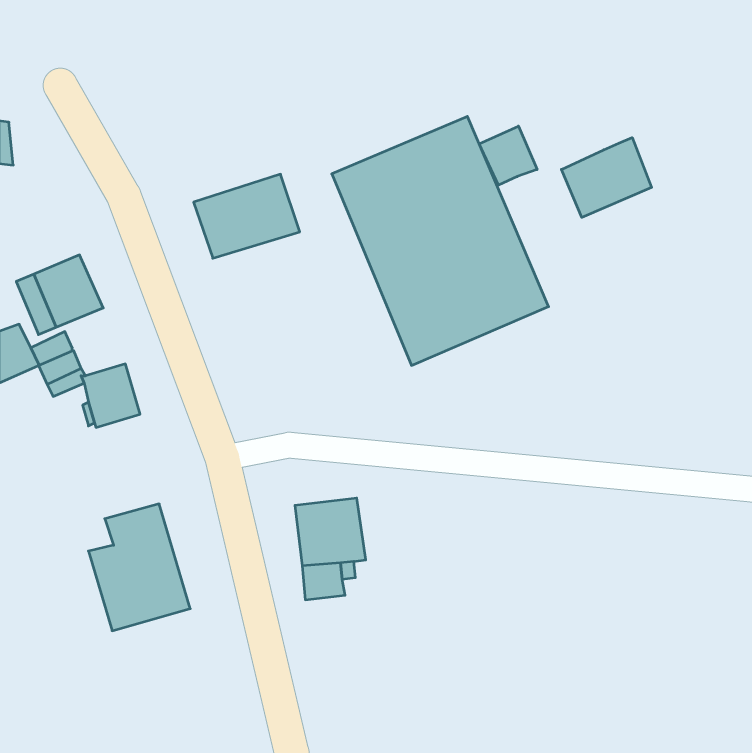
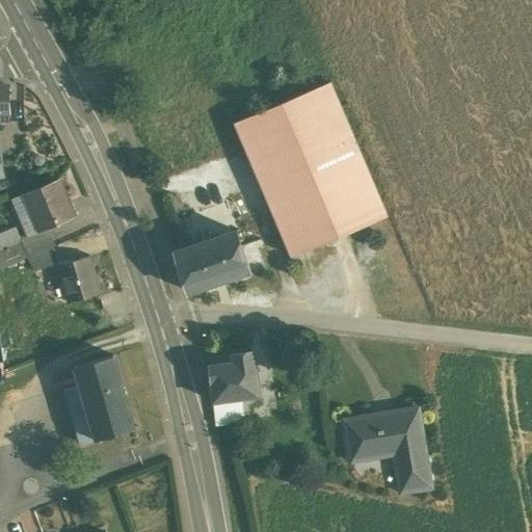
building: [479,126,537,185] -> none
building: [561,138,652,217] -> none
building: [194,174,300,258] -> [174,233,248,292]
building: none -> [347,406,434,494]

